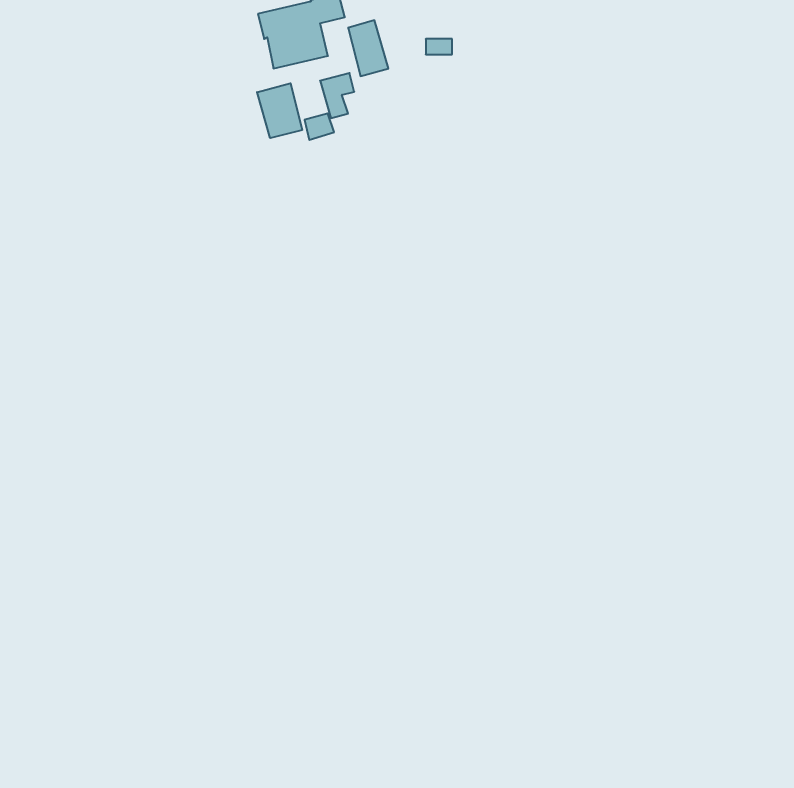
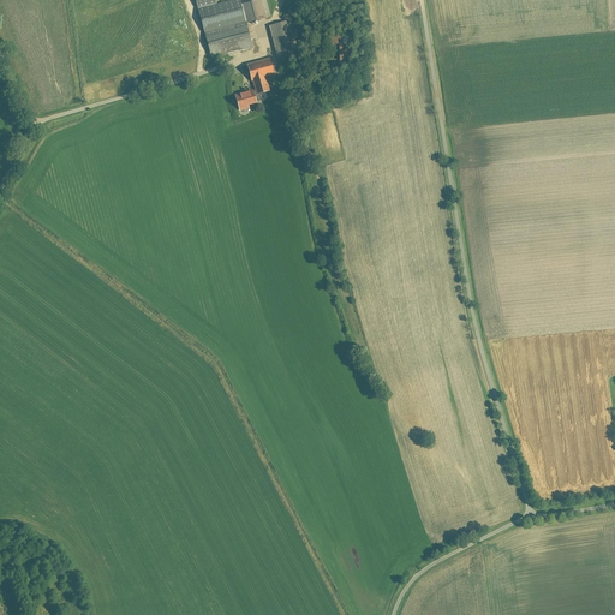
building: [257,83,302,138] -> none

